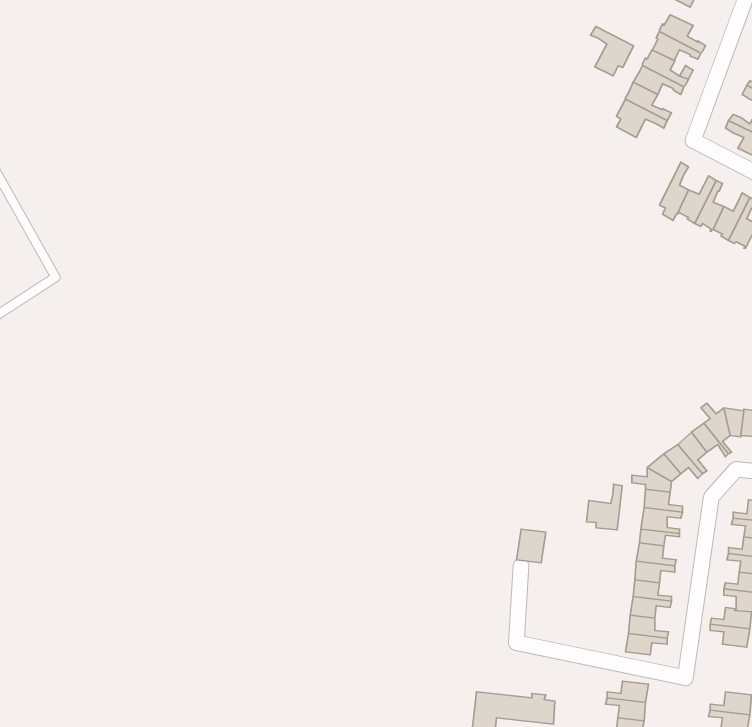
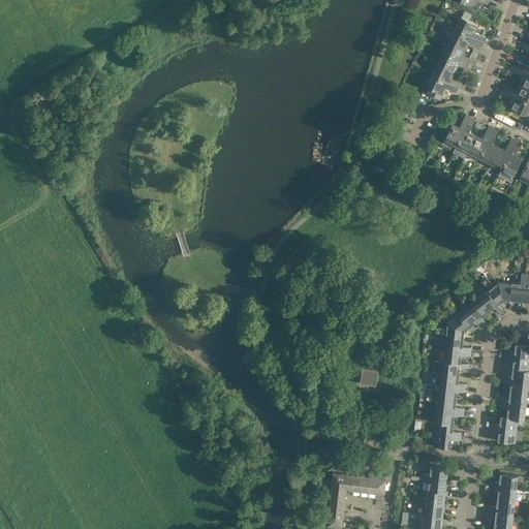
building: [591,26,634,76] -> none
building: none -> [442,116,470,150]
building: [587,484,622,530] -> none

